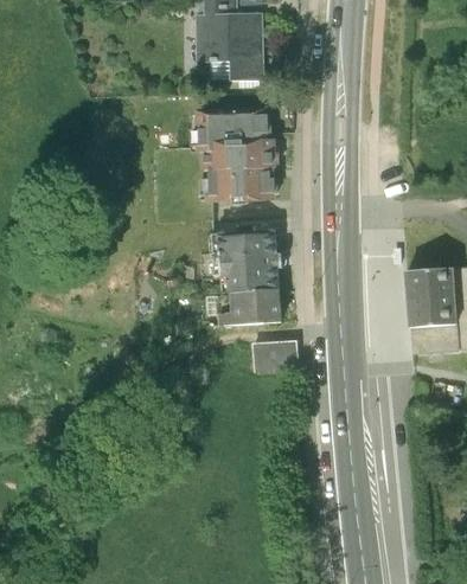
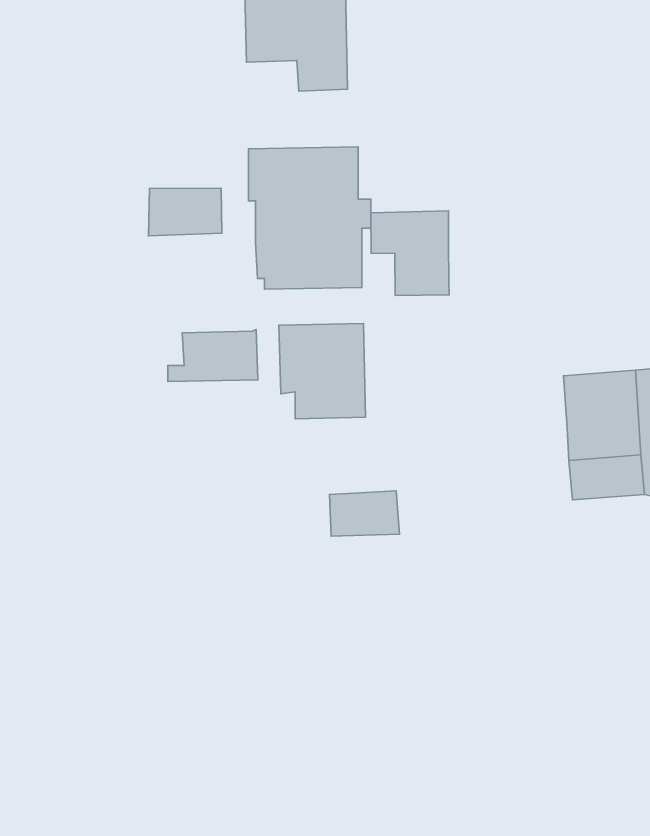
building: none -> [148,188,222,236]
building: none -> [371,211,449,296]
building: [219,290,279,325] -> [168,329,258,382]

